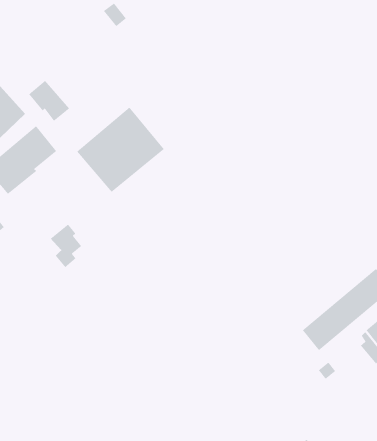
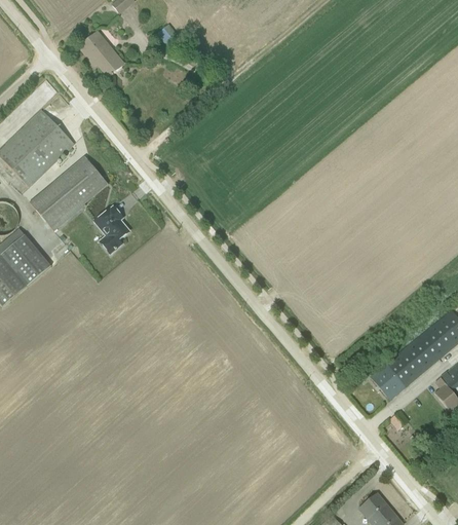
building: [28,80,70,122] -> [79,31,124,76]
building: [76,107,165,193] -> none
building: [50,223,82,268] -> [93,205,128,254]

